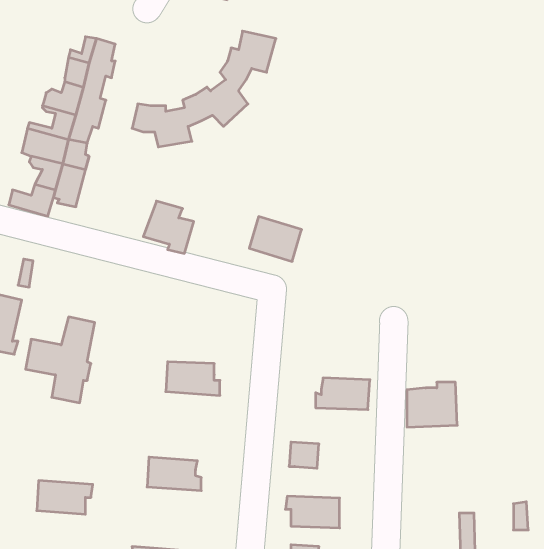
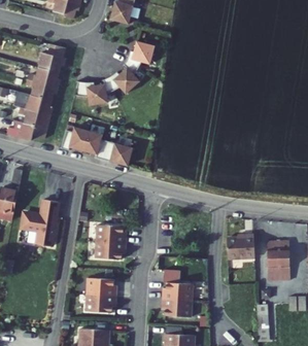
building: none -> [61,131,90,154]
building: [249,217,302,261] -> [105,146,134,171]
building: [316,378,370,410] -> [162,281,192,299]
building: none -> [94,240,125,257]
building: none -> [267,241,290,282]
building: [37,481,93,514] -> [83,292,114,311]

